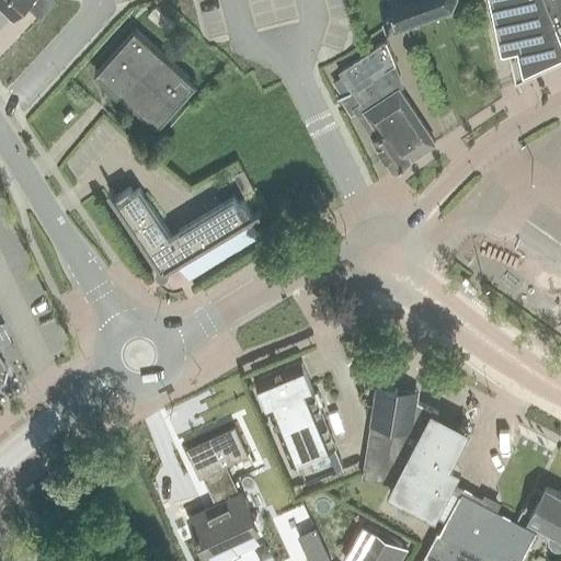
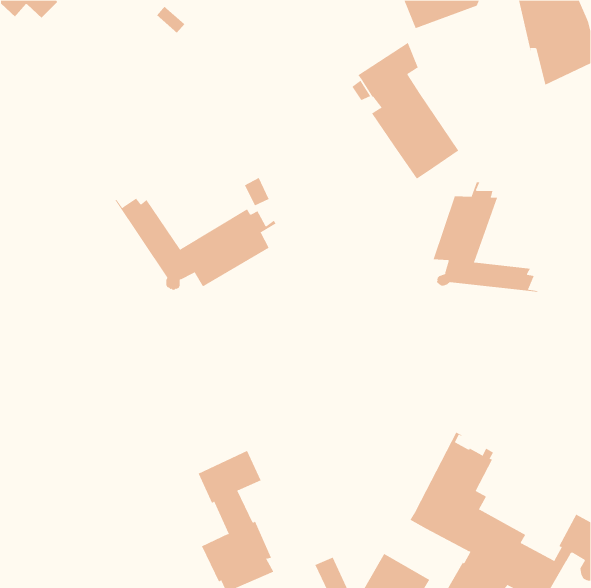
building: [96,32,196,130] -> none
building: none -> [433,182,538,293]
building: [257,365,343,482] -> none
building: [363,390,432,486] -> none

